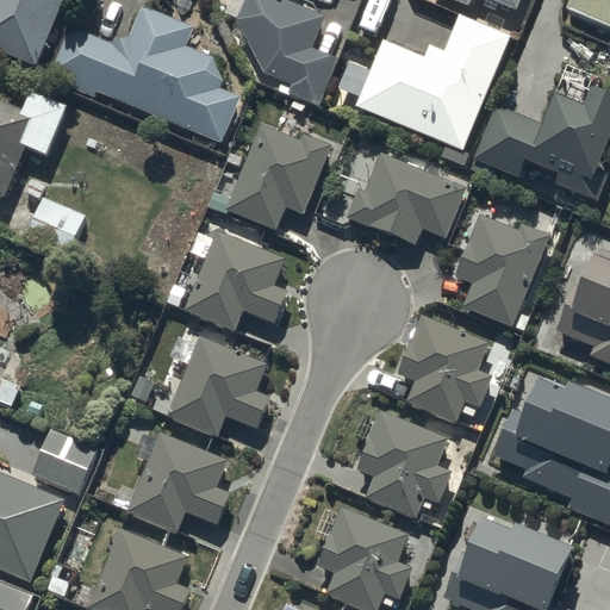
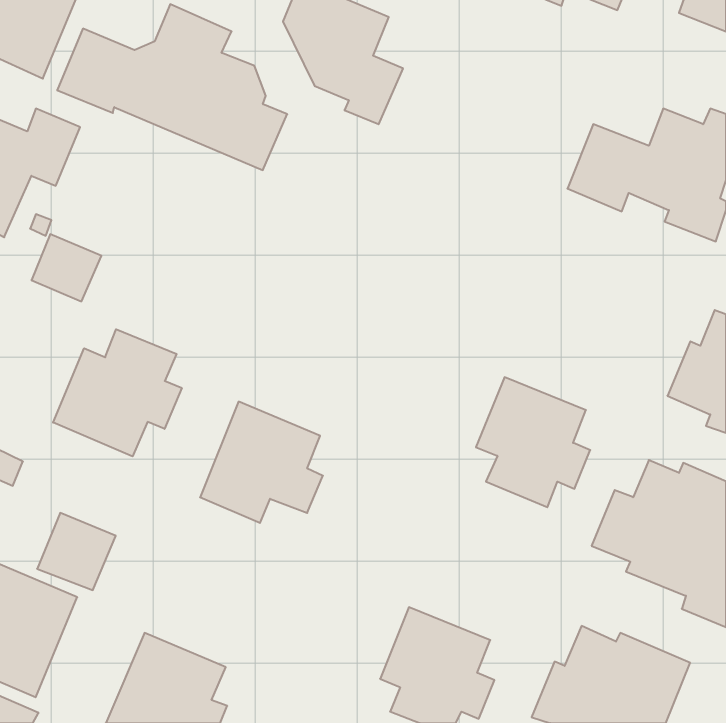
building: [355,13,510,149] -> none
building: [225,123,331,229] -> none
building: [346,152,466,244] -> none
building: [454,214,549,326] -> none
building: [185,230,287,330] -> none
building: none -> [53,329,182,456]
building: [356,410,450,517] -> none
building: [126,431,230,533] -> none

